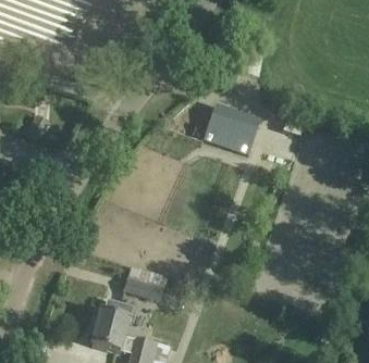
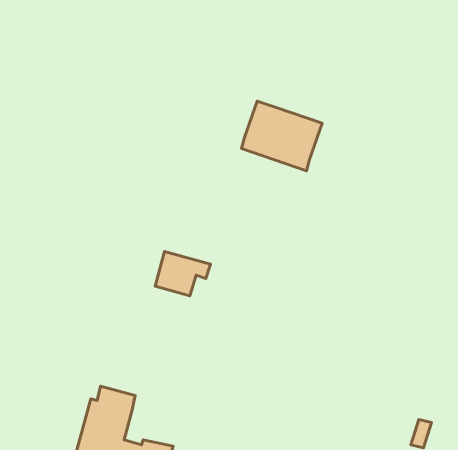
building: [124,267,162,298] -> [155,251,211,296]

